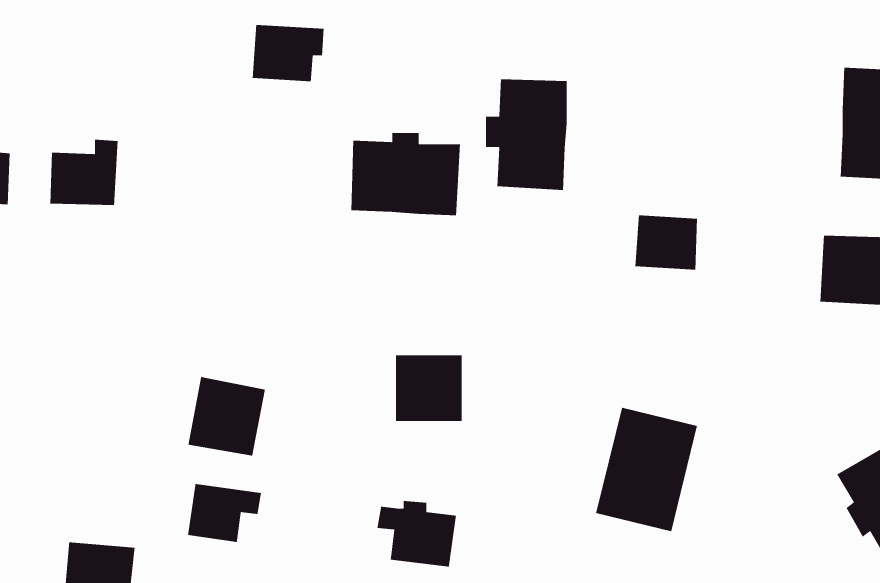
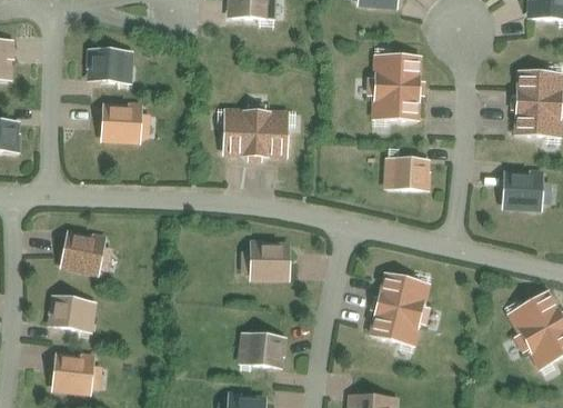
building: [252,24,325,82] -> [91,48,134,82]
building: [485,79,567,191] -> [372,53,421,120]
building: [49,139,119,206] -> [101,102,142,142]
building: [187,376,266,456] -> [60,228,107,276]
building: [187,483,262,543] -> [52,295,97,330]

